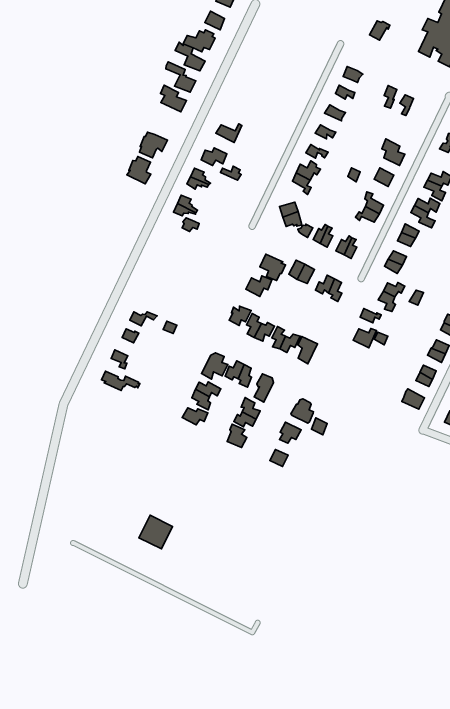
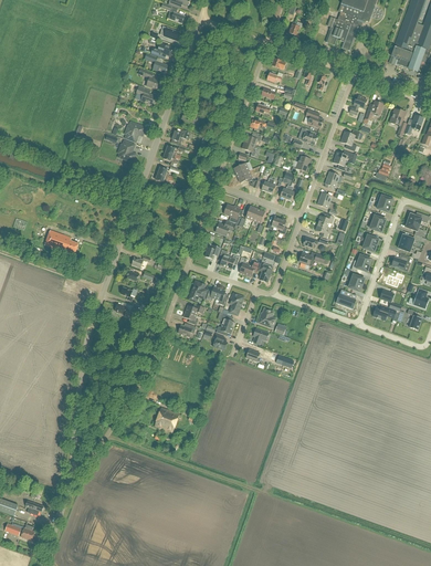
building: none -> [44,229,77,252]

